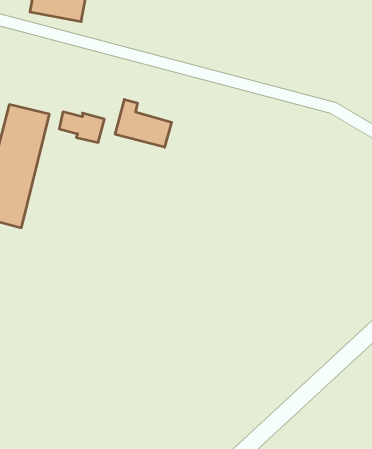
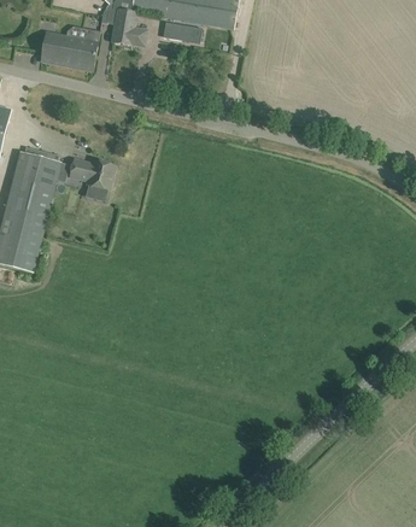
building: [115,99,172,147] -> none

